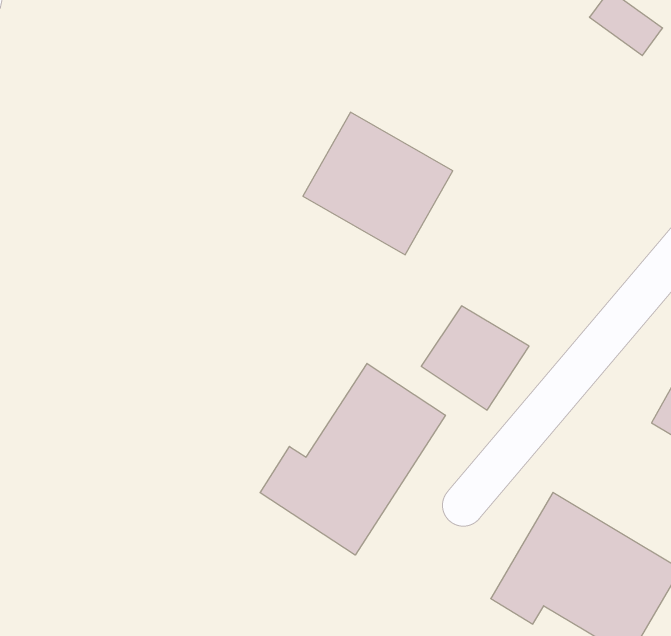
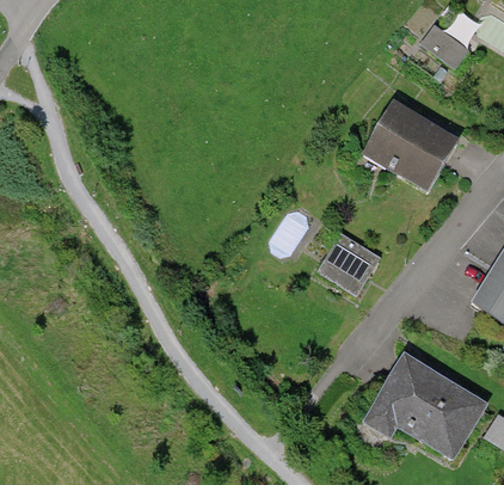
building: [303,112,453,255] -> [361,98,459,191]
building: [260,363,445,555] -> none

